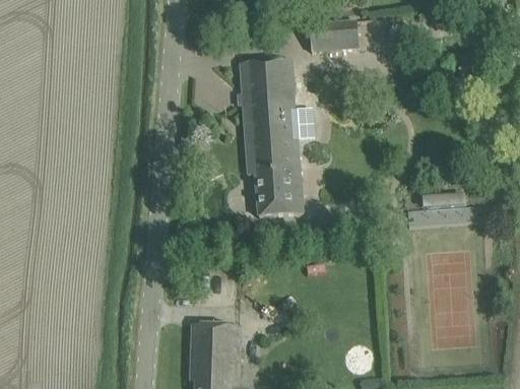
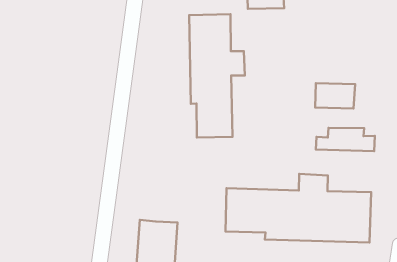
building: none -> [315,83,355,108]
building: none -> [225,174,371,242]

